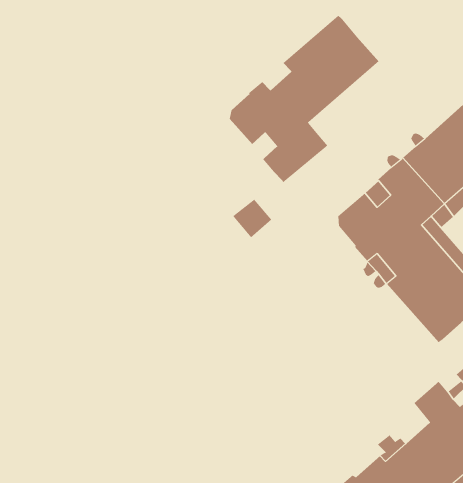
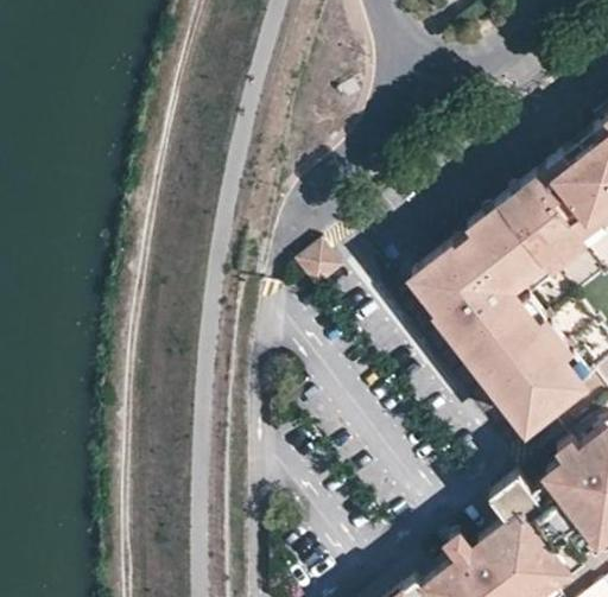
building: [229,15,380,183] -> none

